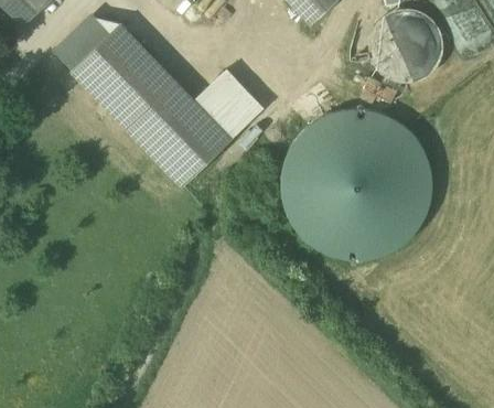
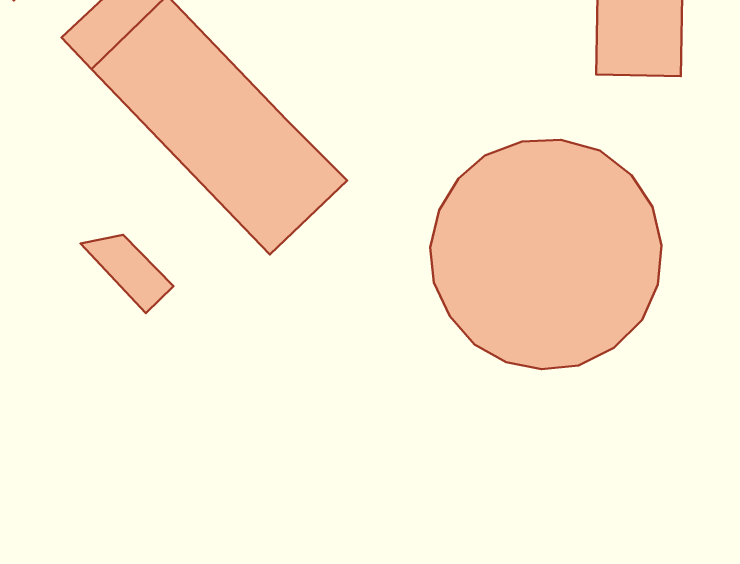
building: [194,72,261,138] -> none
building: none -> [80,235,173,313]

